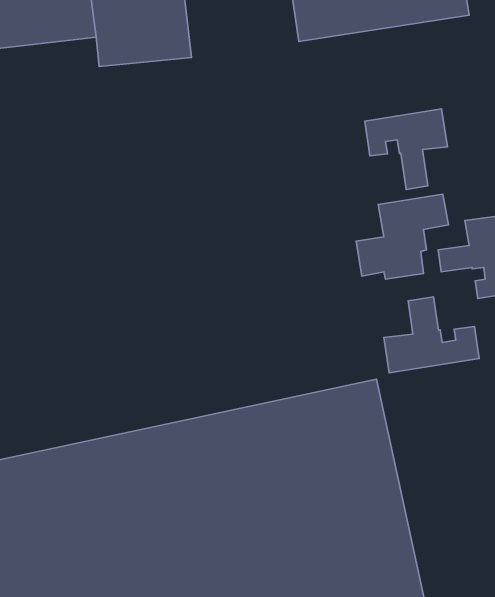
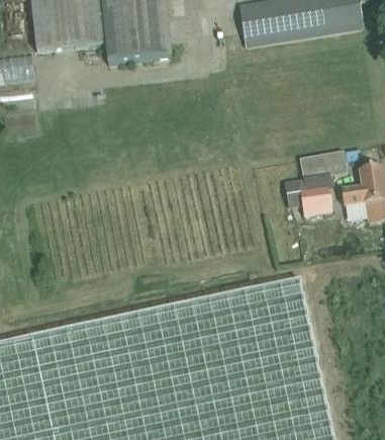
building: [365,109,448,189] -> none
building: [384,297,479,373] -> none

